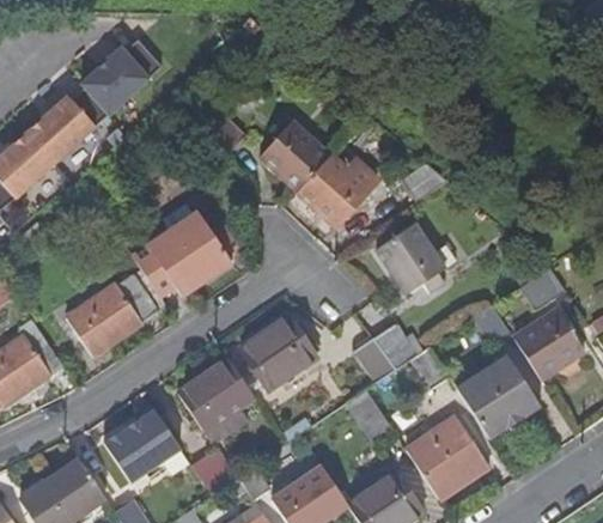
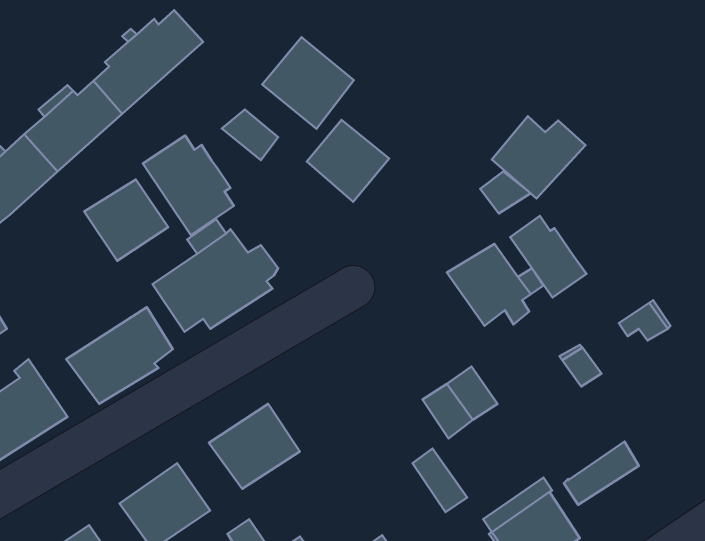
building: none -> [262,37,354,129]
building: none -> [143,136,234,235]
building: [298,154,376,223] -> [492,116,586,198]
building: none -> [84,179,168,261]
building: none -> [510,216,587,298]
building: [516,311,583,377] -> none
building: [239,315,316,387] -> none
building: [456,359,525,421] -> none

